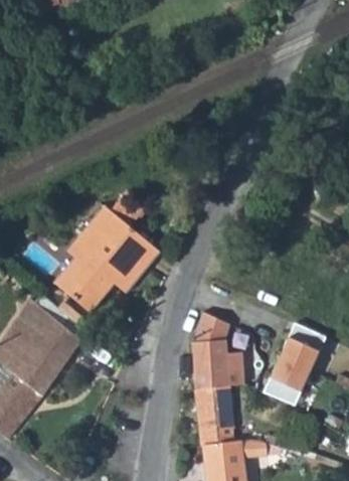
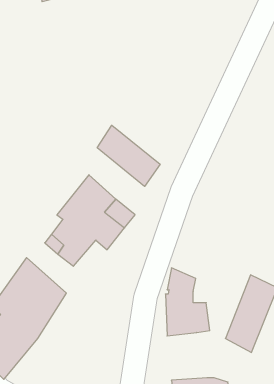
building: none -> [97,125,160,186]
building: [195,386,250,442] -> none

